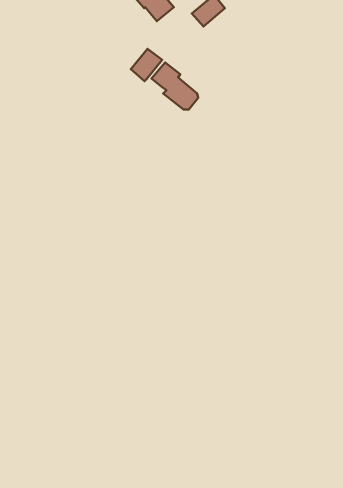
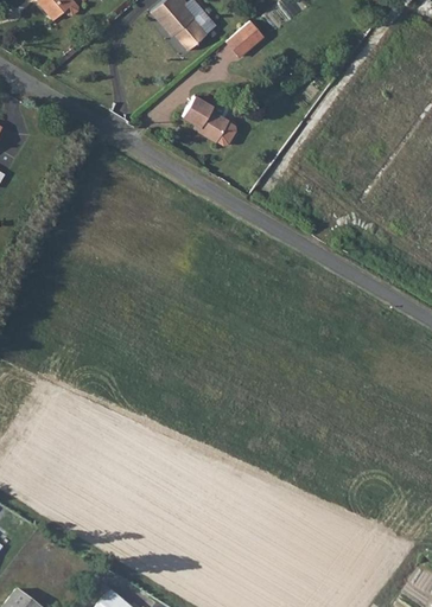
building: [131,49,162,81] -> none

